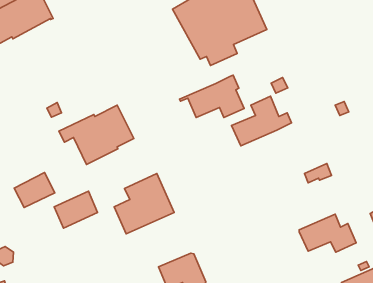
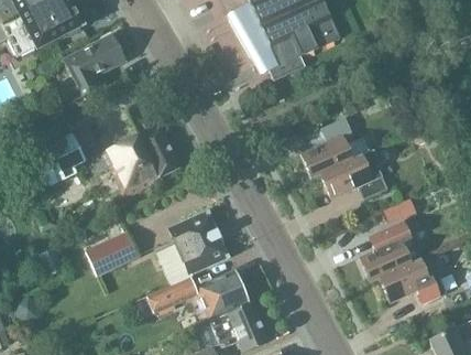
building: none -> [54,33,125,106]
building: [180,75,244,118] -> [308,148,385,198]
building: [14,172,55,207] -> [35,133,84,175]
building: none -> [359,220,420,280]
building: none -> [147,268,251,320]

